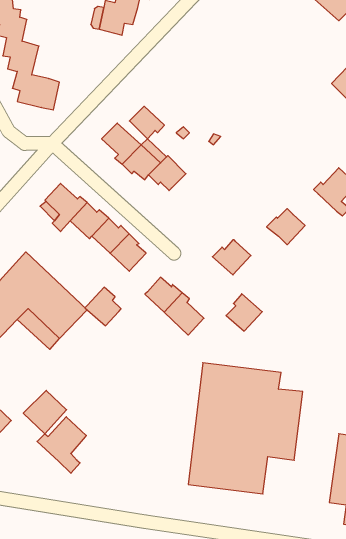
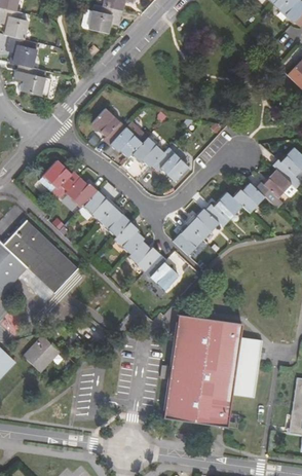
building: [129,106,164,139] -> none
building: none -> [150,147,187,182]
building: none -> [254,170,291,204]
building: none -> [204,192,241,226]
building: [85,287,121,326] -> [112,220,143,253]
building: [226,294,262,331] -> [172,223,202,255]
building: [37,417,86,473] -> none

